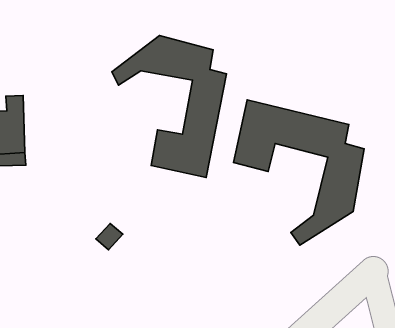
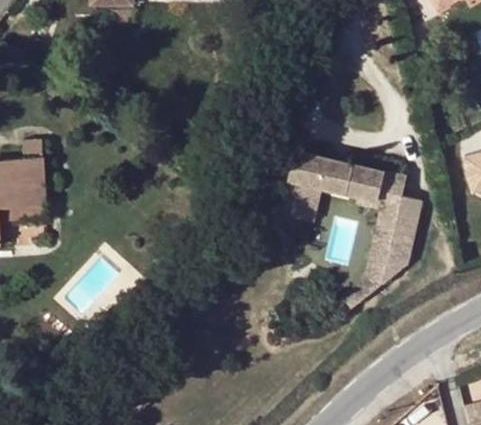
building: [112,35,226,177] -> none

